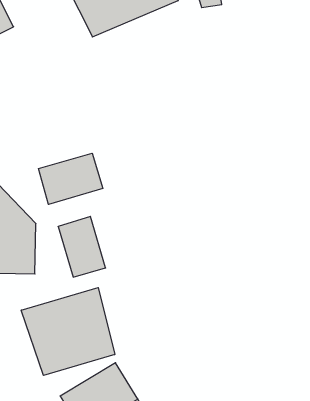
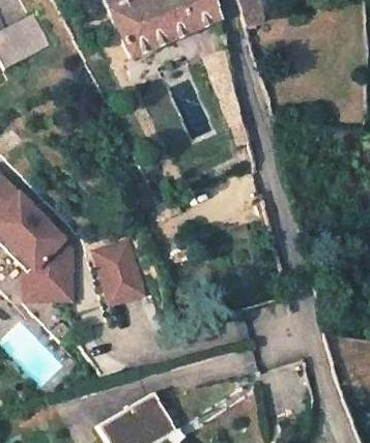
building: [39,153,103,204] -> none
building: [21,288,115,375] -> none

